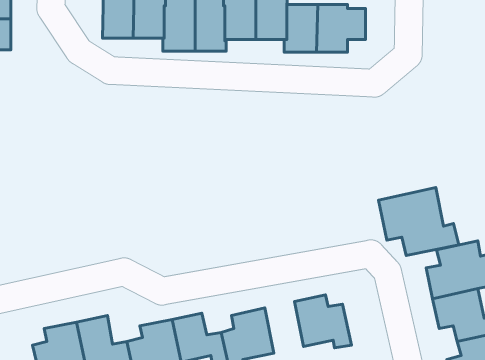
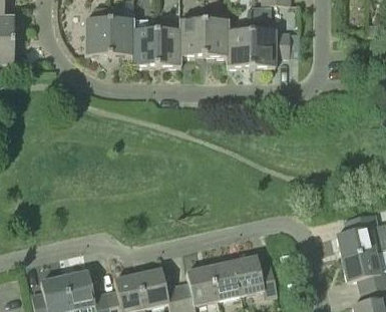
building: [378,188,459,255] -> none
building: none -> [211,261,241,301]

